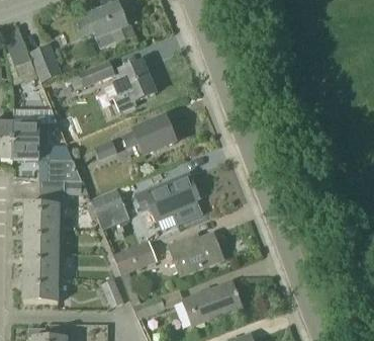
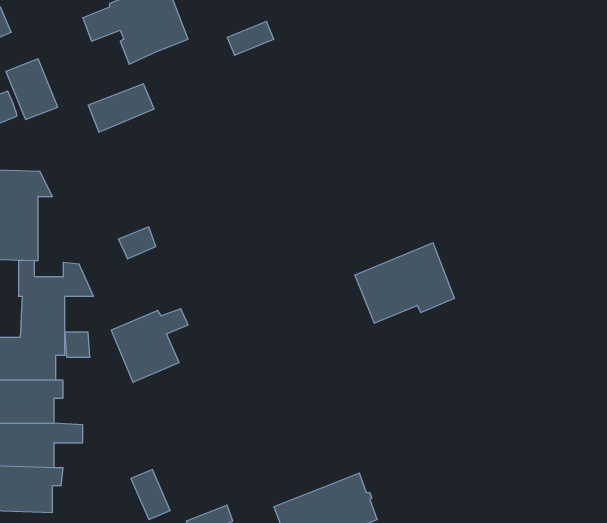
building: [111,60,156,110] -> none
building: [122,115,177,154] -> none
building: [145,173,201,219] -> [355,243,455,323]
building: [167,233,222,274] -> none
building: [113,241,156,272] -> none

